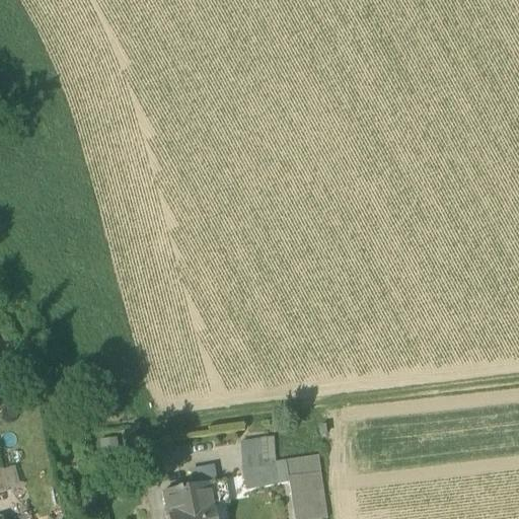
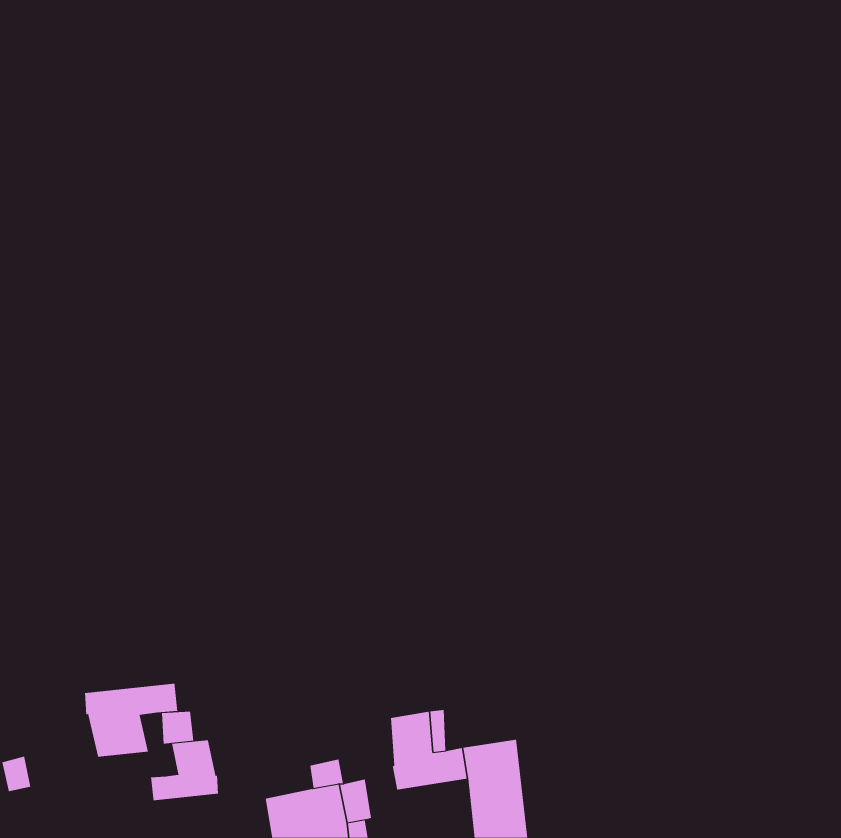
building: none -> [85,683,178,757]
building: none -> [150,740,219,801]

